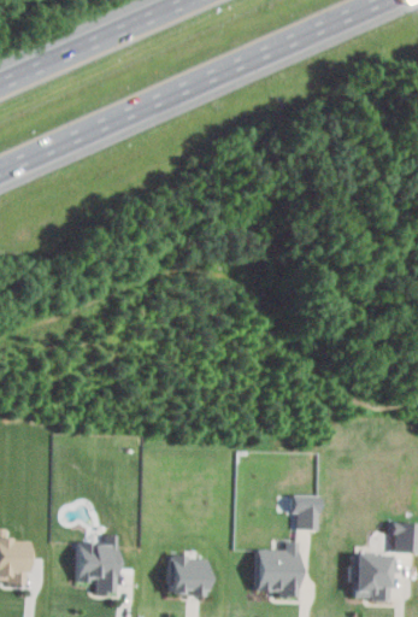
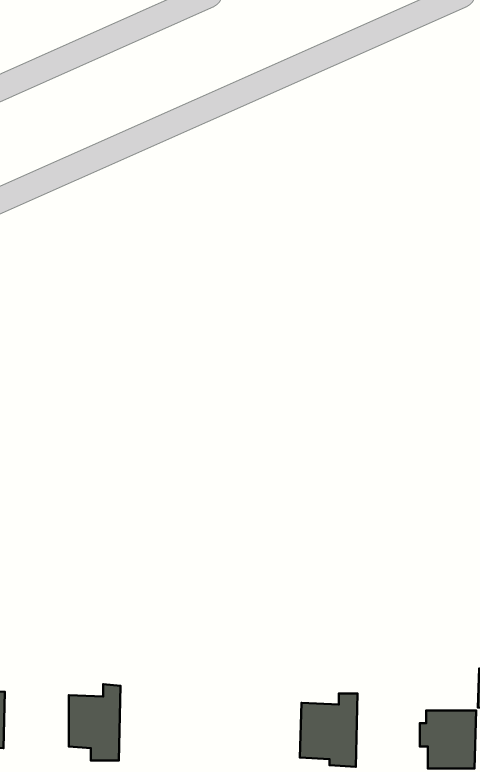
building: [292,494,319,529] -> none
building: [170,556,208,595] -> none

